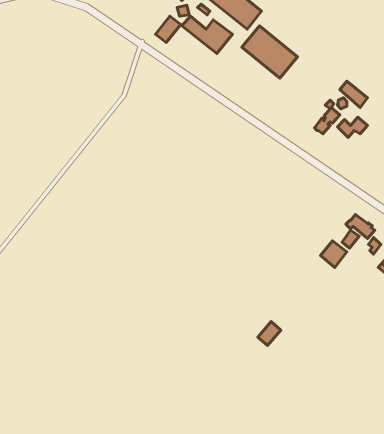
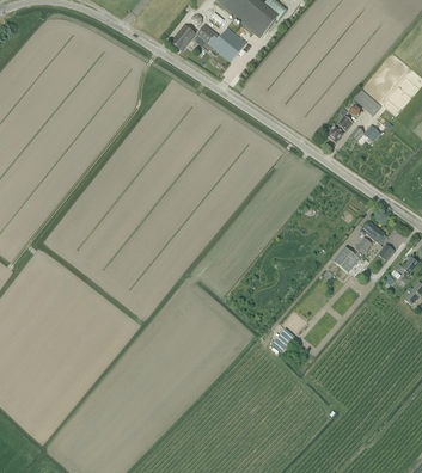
building: [242,26,297,78] -> none

